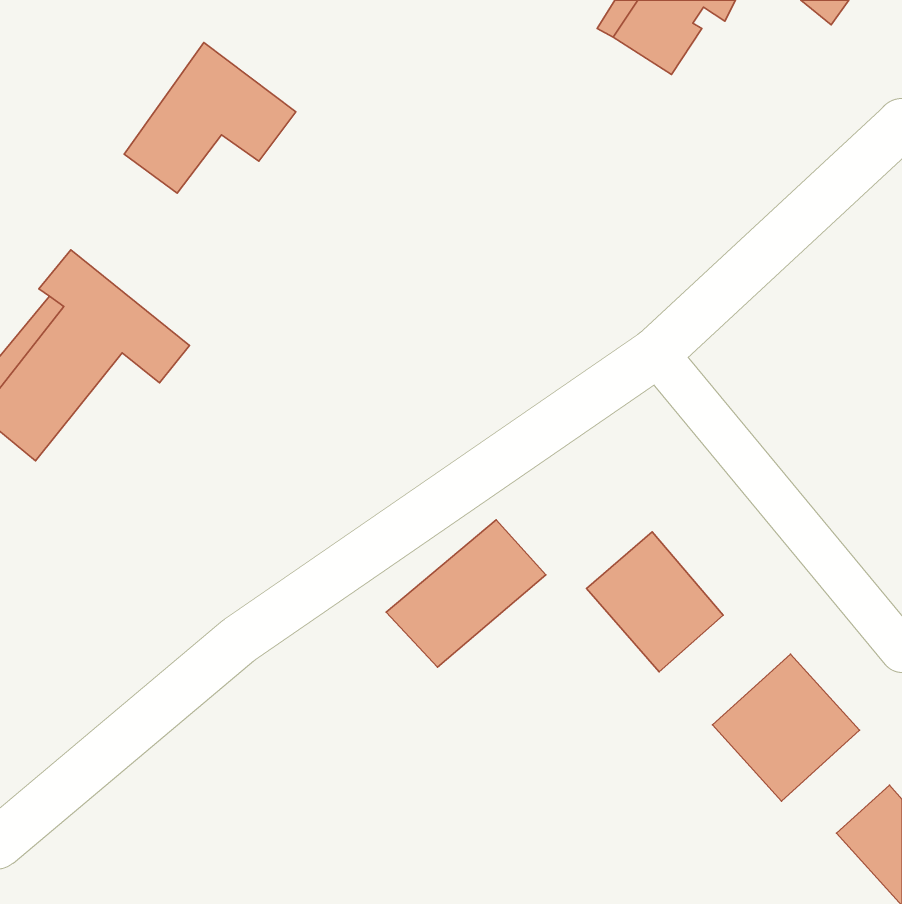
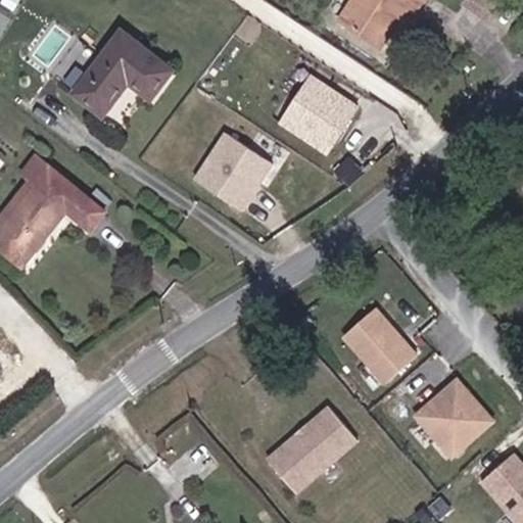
building: none -> [278,75,356,153]
building: none -> [192,133,271,209]
building: [386,520,546,667] -> [264,406,355,490]

